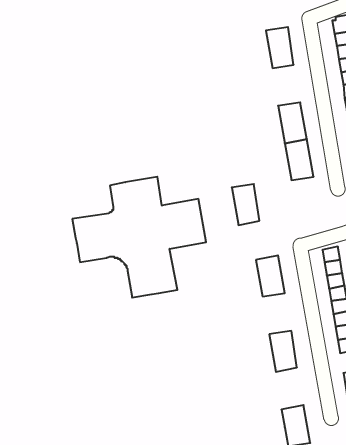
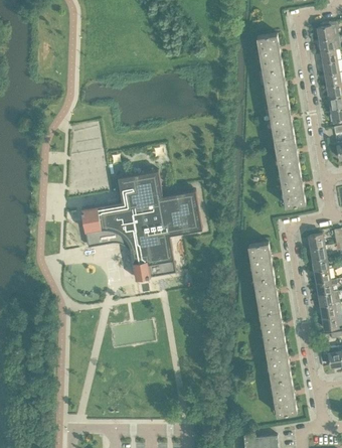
building: none -> [262,68,287,106]
building: [232,184,259,225] -> [279,170,304,207]
building: none -> [252,276,279,313]
building: none -> [265,343,290,382]

